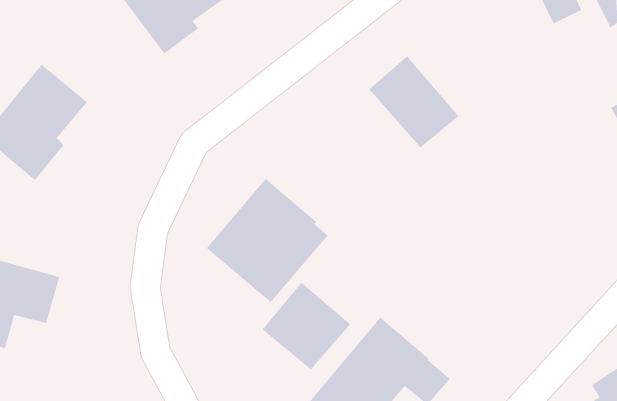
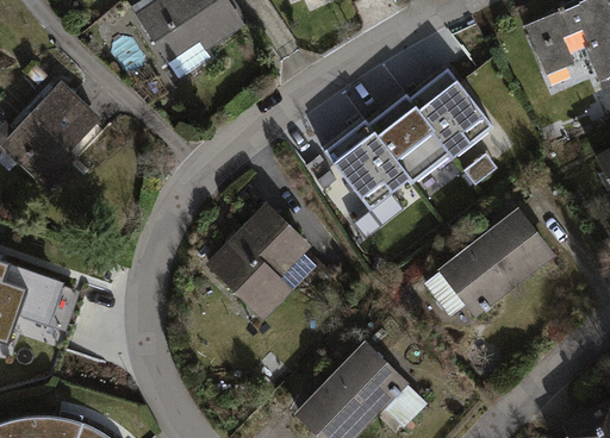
building: none -> [409,69,493,161]
building: none -> [324,121,411,213]
building: none -> [437,207,556,319]
building: [261,282,351,371] -> none

